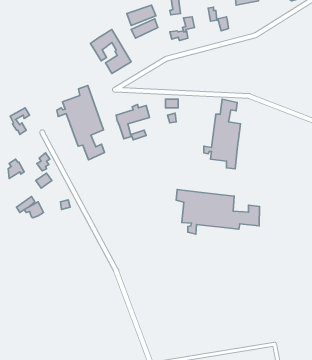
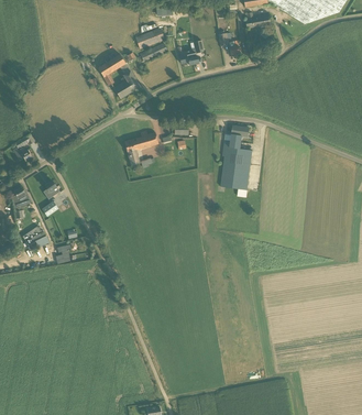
building: [57,85,105,160] -> none
building: [176,189,260,234] -> none

